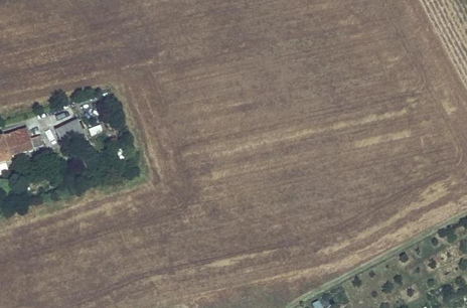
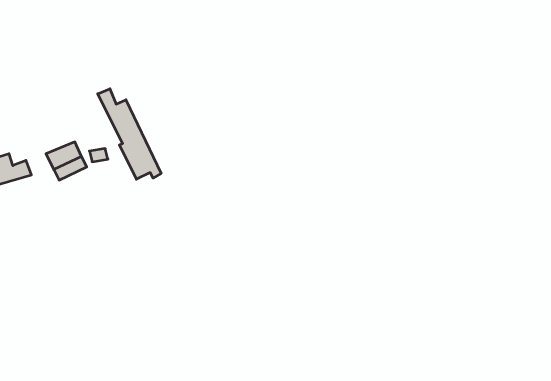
building: none -> [98,89,161,179]

